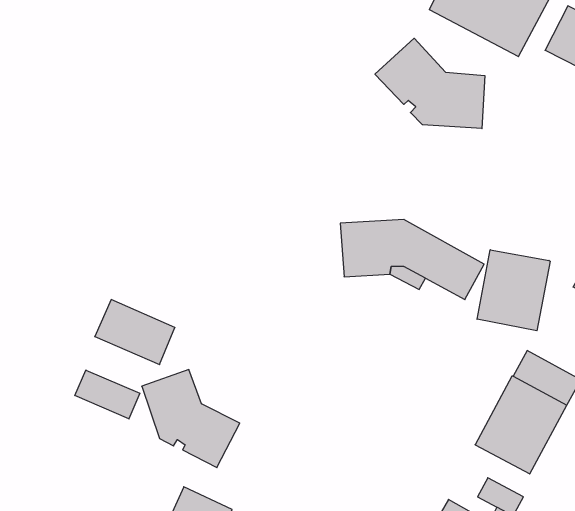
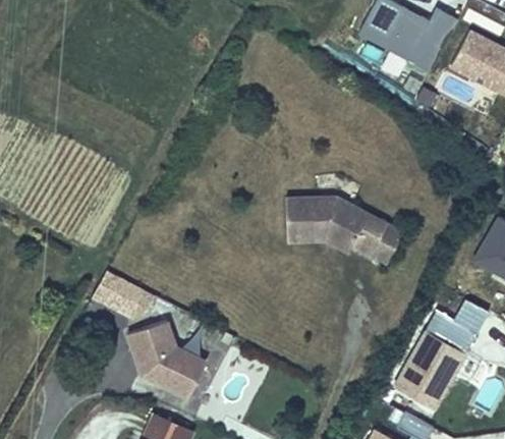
building: [375,38,485,129] -> none
building: [477,250,550,331] -> none
building: [75,370,140,419] -> none

